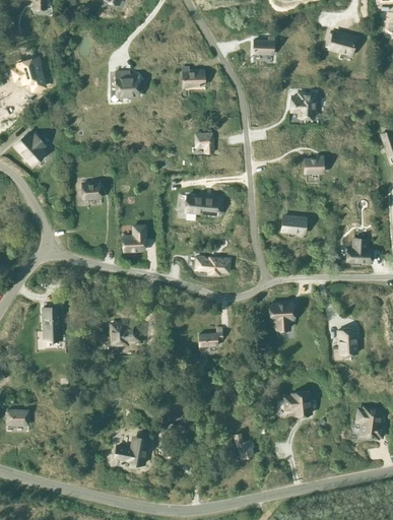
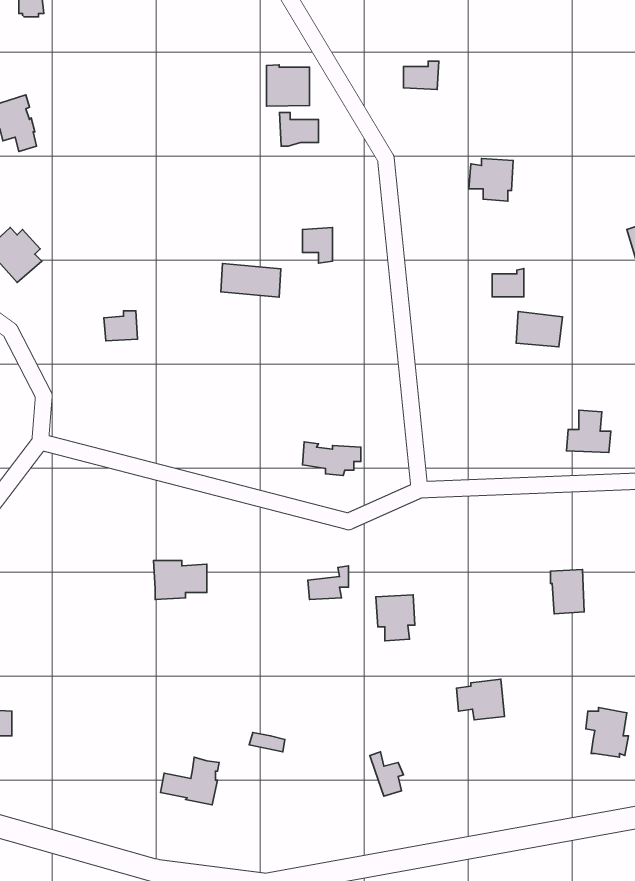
building: [325,31,355,54] -> none
building: none -> [267,65,310,106]
building: [116,70,139,95] -> none
building: [185,194,219,213] -> [221,264,281,297]
building: [280,213,307,234] -> [516,311,562,347]
building: [122,225,144,250] -> none
building: [270,302,292,328] -> [376,595,415,641]
building: [43,306,61,338] -> none

